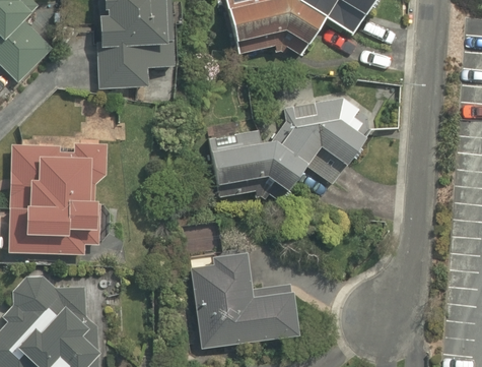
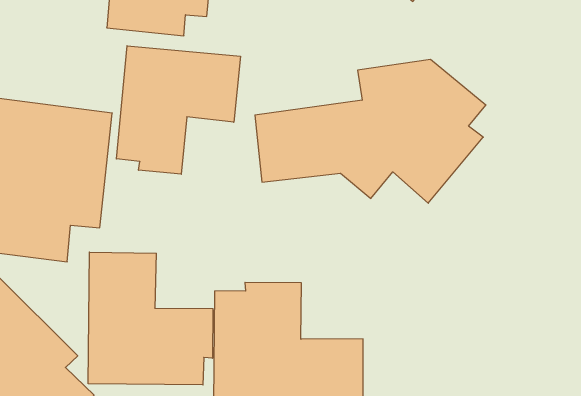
building: none -> [116,46,240,174]
building: none -> [88,252,213,385]

